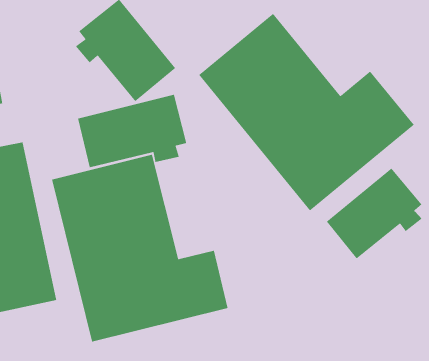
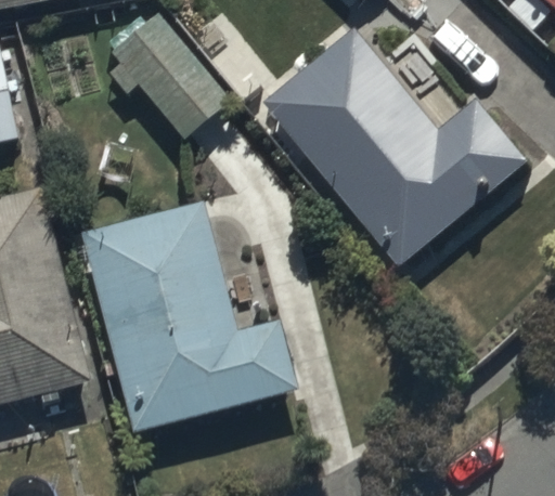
building: [77,94,187,168] -> none
building: [326,167,423,260] -> none

